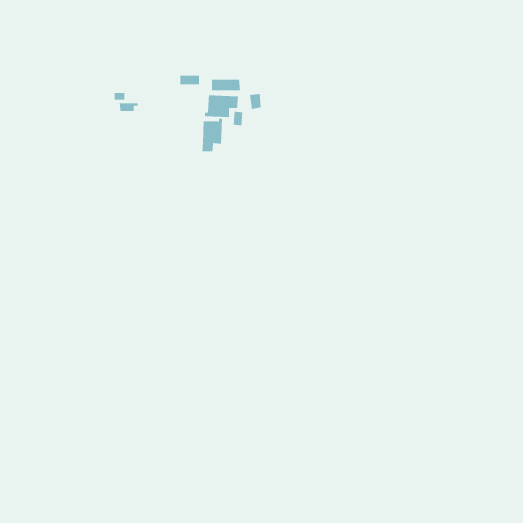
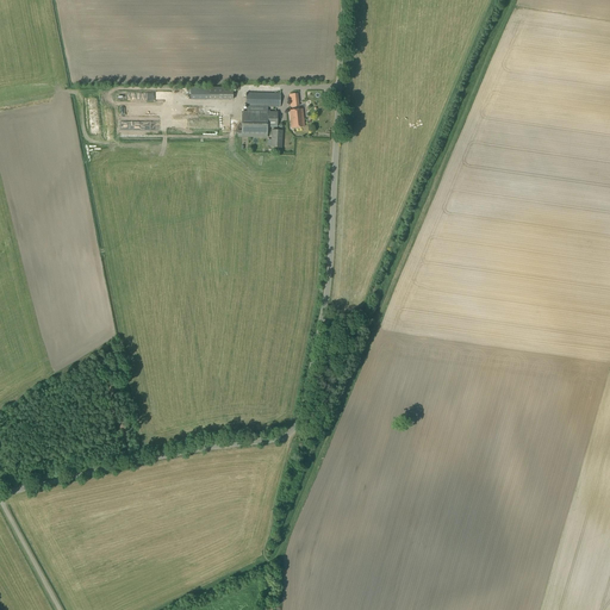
building: [202,118,223,152] -> none

